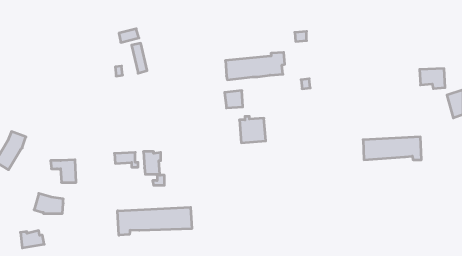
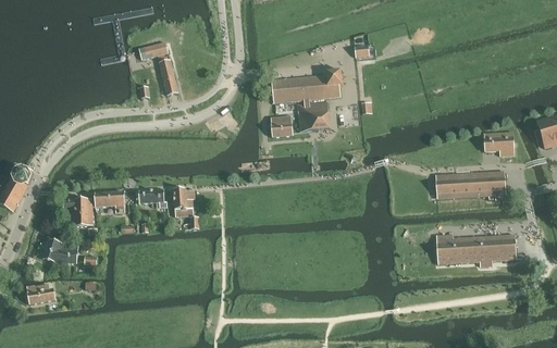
building: [420,69,445,89] -> [483,132,513,156]
building: [239,116,266,143] -> [297,99,329,130]
building: none -> [94,191,124,212]
building: none -> [435,234,516,263]
building: [118,207,192,235] -> none

